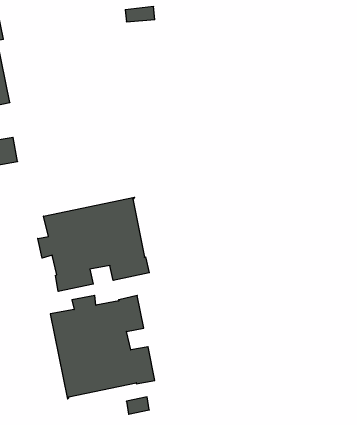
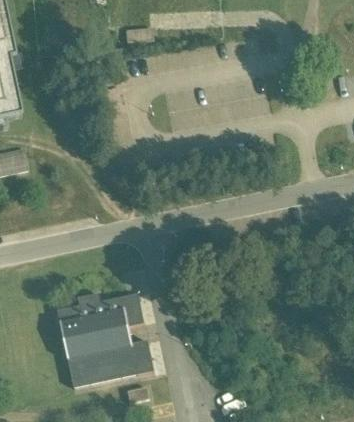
building: [38,197,149,291] -> none

